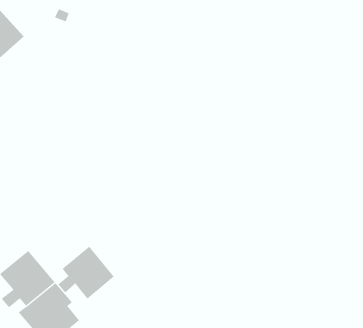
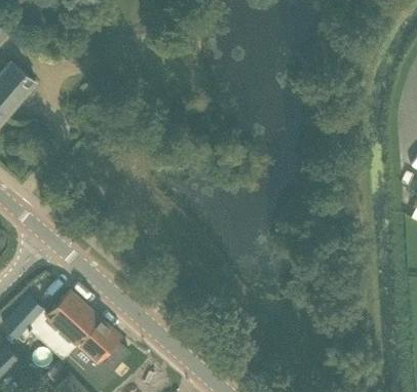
building: [58,246,114,300] -> none

